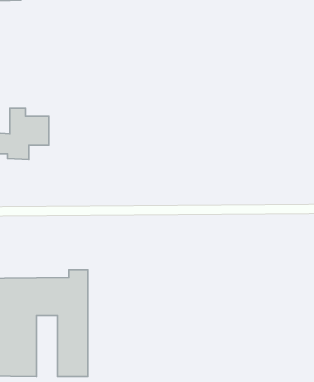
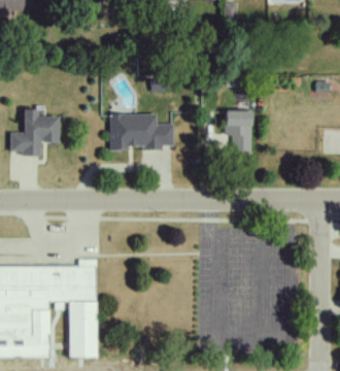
building: none -> [225,110,251,151]
building: none -> [109,113,173,149]

